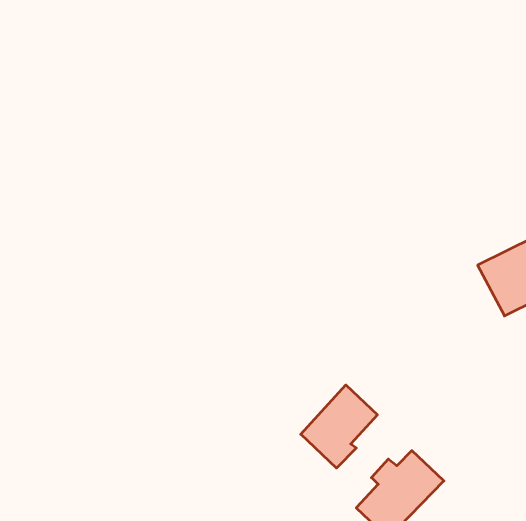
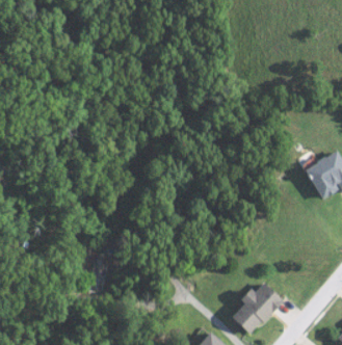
building: [301,385,377,468] -> none

